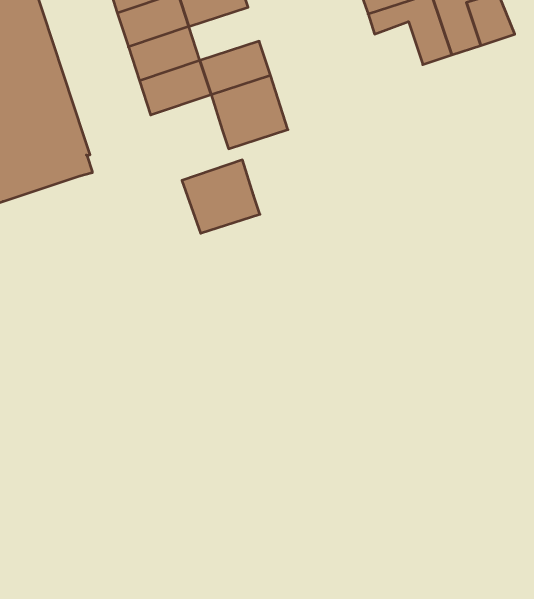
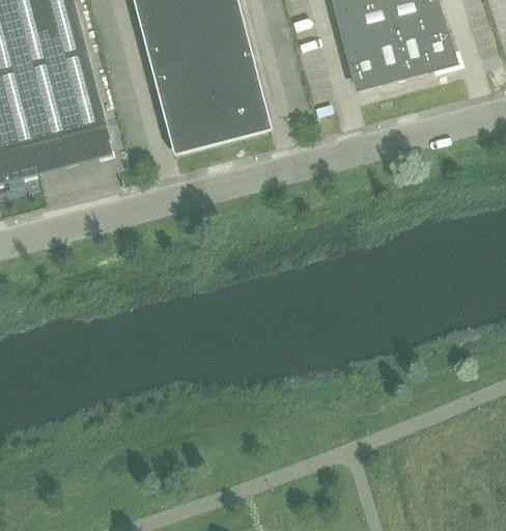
building: none -> [197,28,253,68]
building: none -> [346,48,384,90]
building: [182,160,260,233] -> [162,96,223,153]

